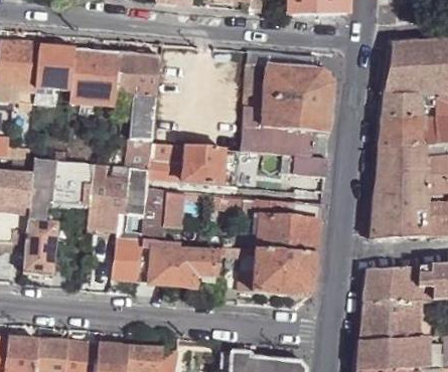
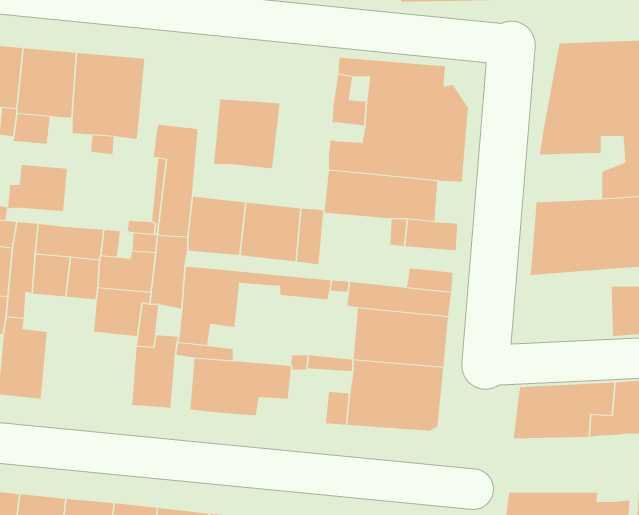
building: [116,51,160,98] -> [213,99,280,169]
building: [378,114,421,146] -> none
building: none -> [8,164,67,212]
building: [369,190,428,237] -> none
building: [359,300,421,337] -> none

